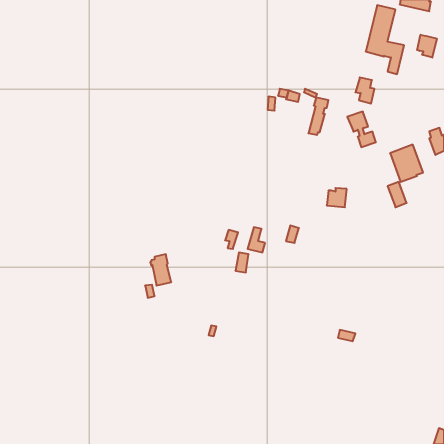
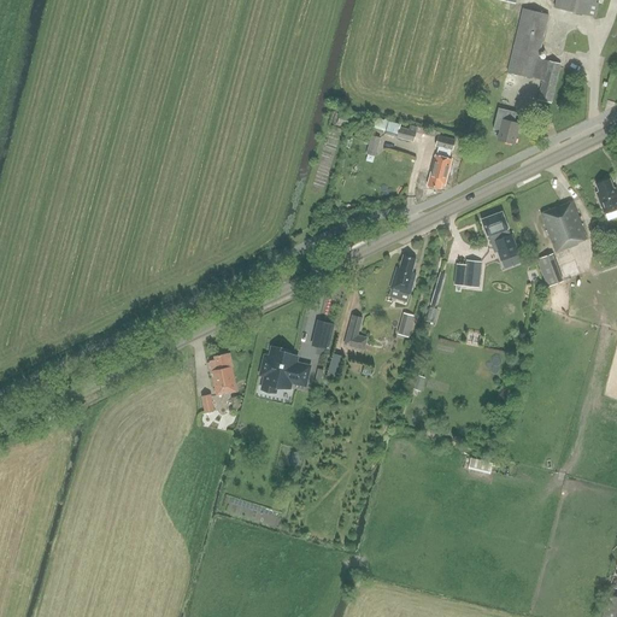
building: [417,35,437,58] -> none
building: [347,112,376,147] -> [481,211,521,260]
building: none -> [390,254,416,294]
building: none -> [260,345,308,390]

